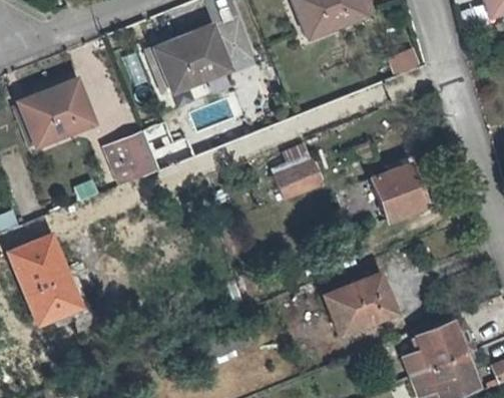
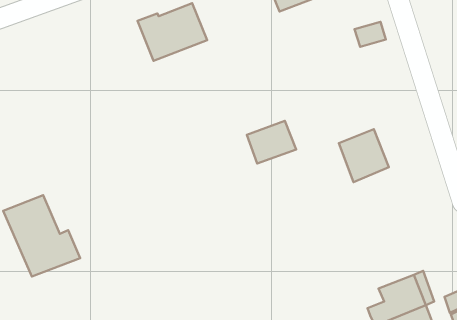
building: [19,81,93,144] -> none
building: [105,132,158,187] -> none
building: [325,272,395,333] -> none

